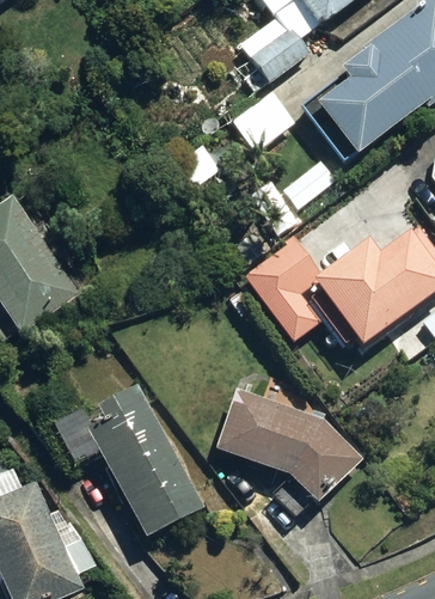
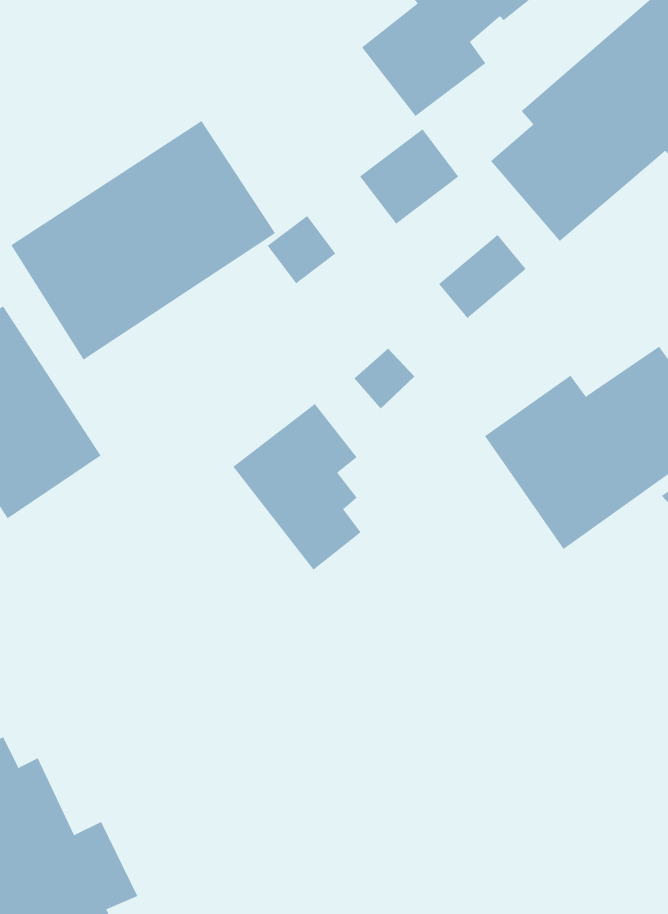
building: none -> [10,120,276,361]
building: [243,237,323,341] -> [232,403,361,571]
building: [215,389,364,503] -> none
building: [84,393,204,538] -> none

